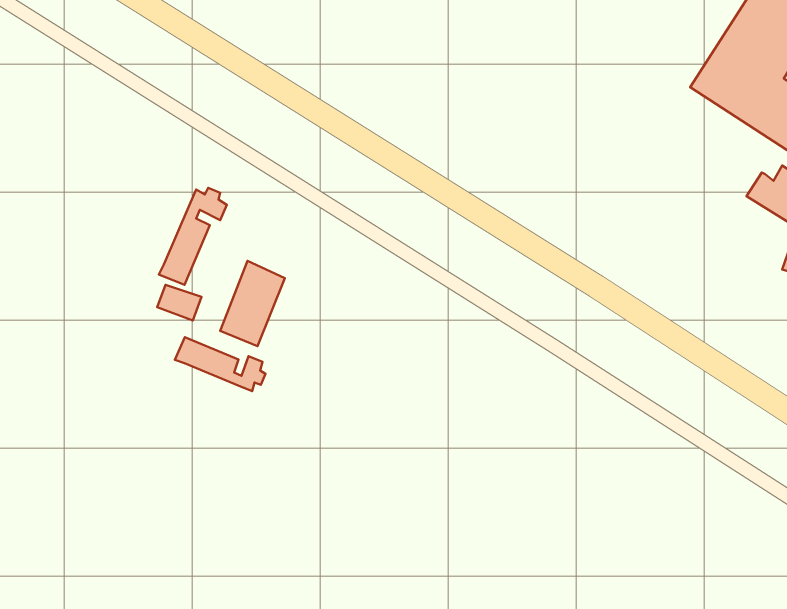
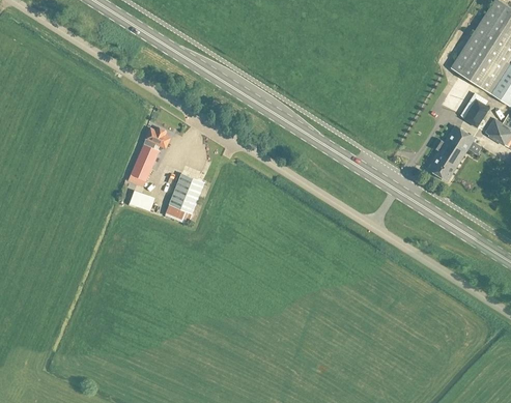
building: none -> [462,99,488,128]
building: none -> [427,126,474,181]
building: [175,337,265,391] -> none

